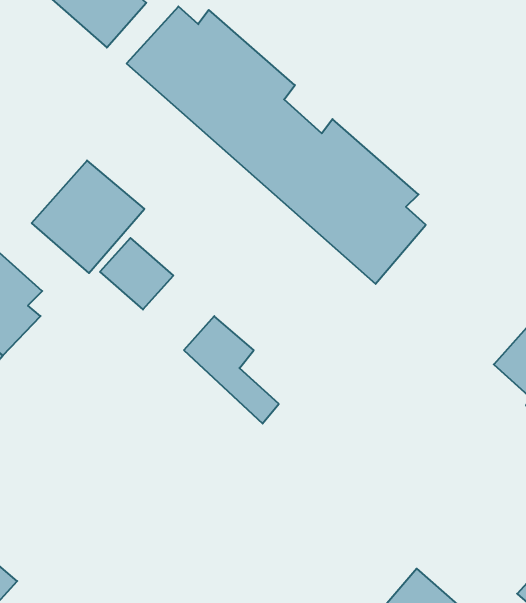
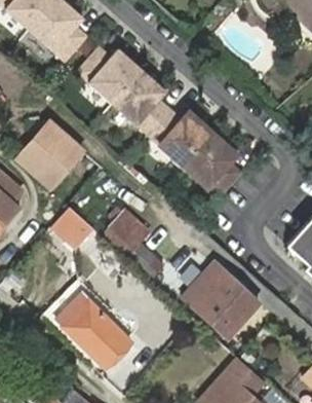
building: [100,238,173,310] -> [51,208,93,249]
building: none -> [185,266,256,337]
building: none -> [54,296,126,366]

